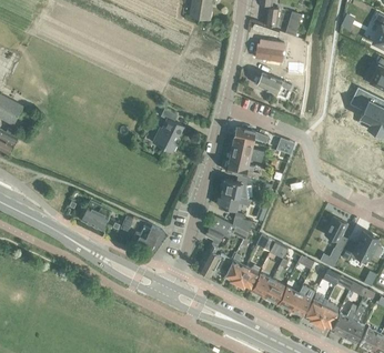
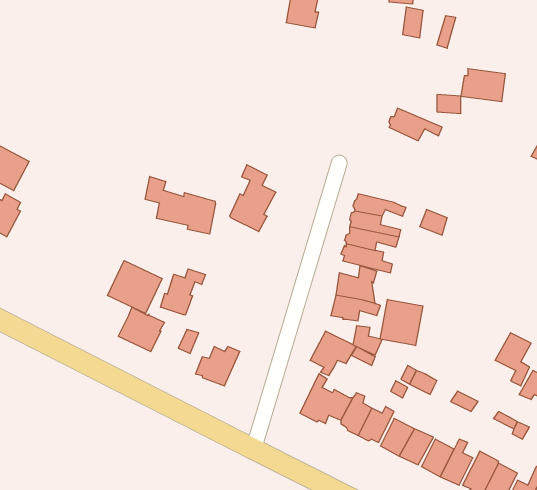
building: [255,40,284,61] -> [461,69,505,101]
building: none -> [145,176,215,234]
building: none -> [108,261,162,313]
building: none -> [161,269,206,315]
building: none -> [380,299,423,346]

